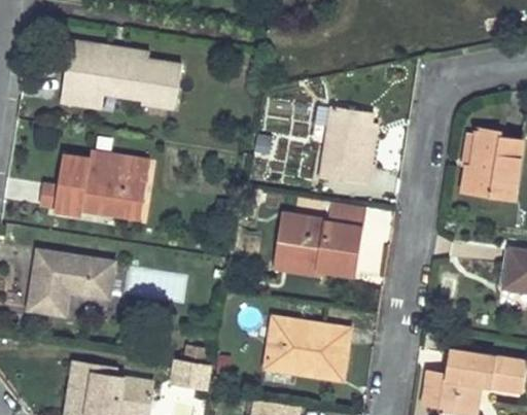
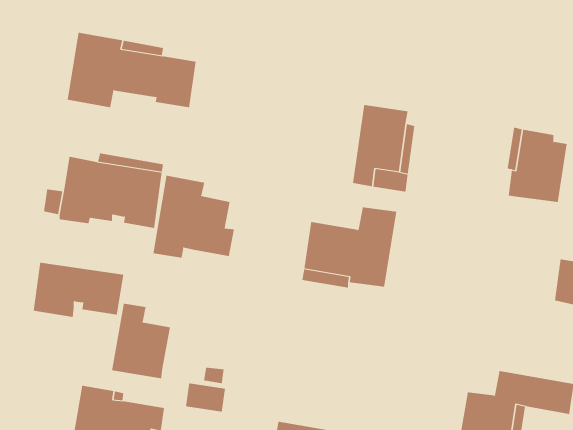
building: none -> [153,175,234,259]
building: none -> [112,303,170,379]
building: [267,316,349,377] -> none

